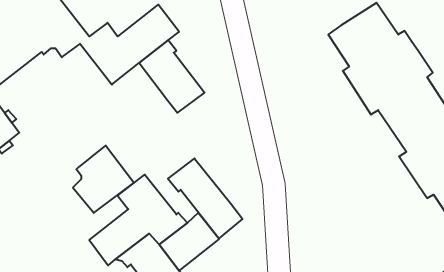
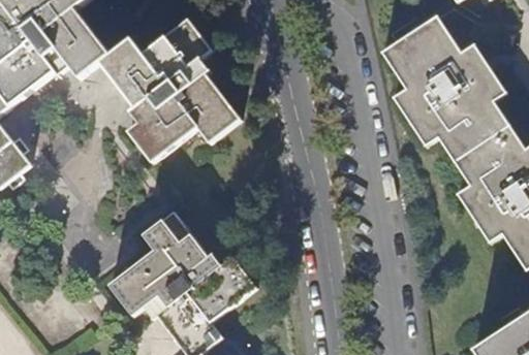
building: [73,146,134,213] -> [129,84,198,160]
building: [168,158,242,239] -> none

